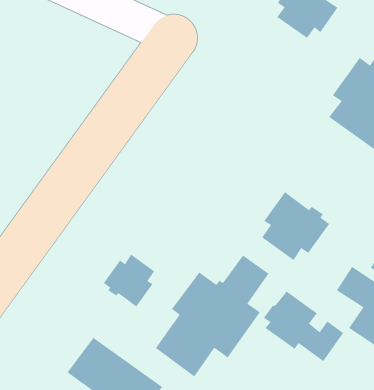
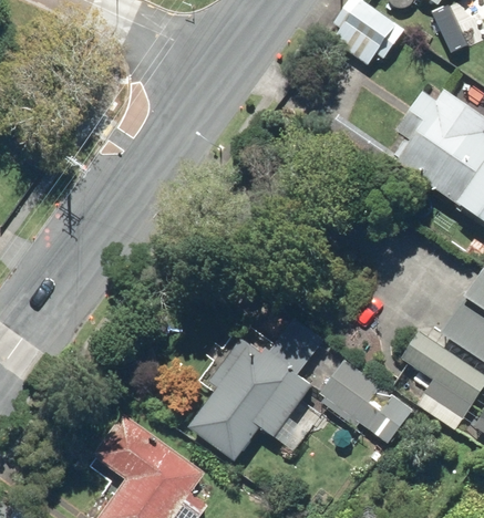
building: [261,191,330,261] -> none
building: [103,254,155,307] -> none

